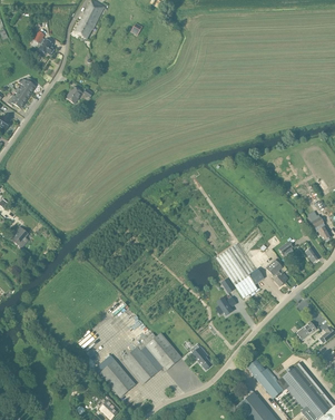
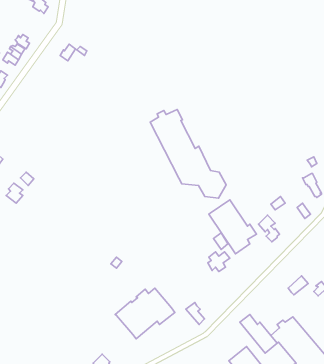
building: none -> [150,109,226,198]
building: [97,355,135,397] -> none

